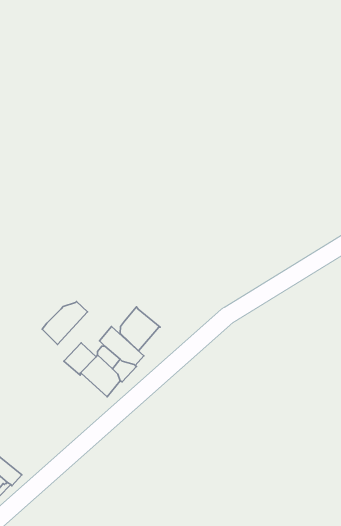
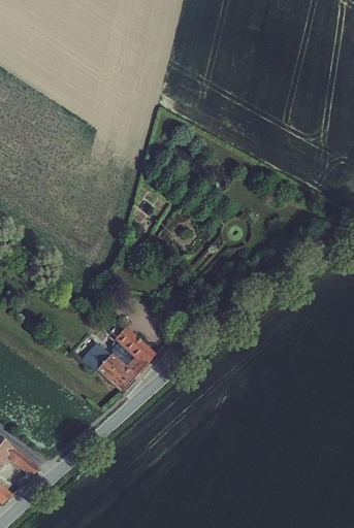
building: [42,301,88,344] -> none
building: [120,307,160,351] -> none

